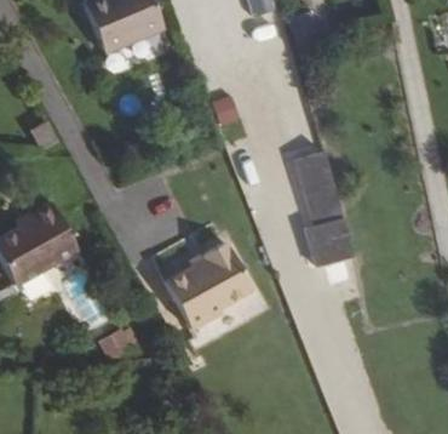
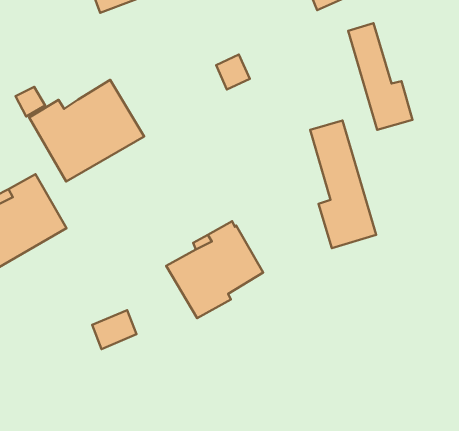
building: none -> [348,23,412,130]
building: none -> [29,80,144,181]

